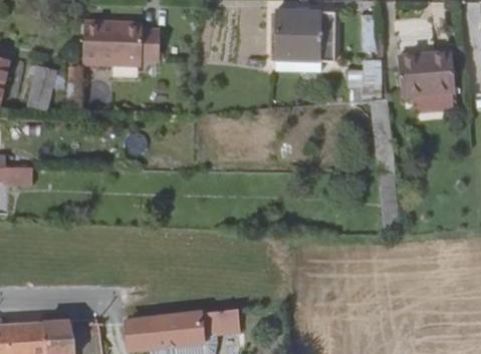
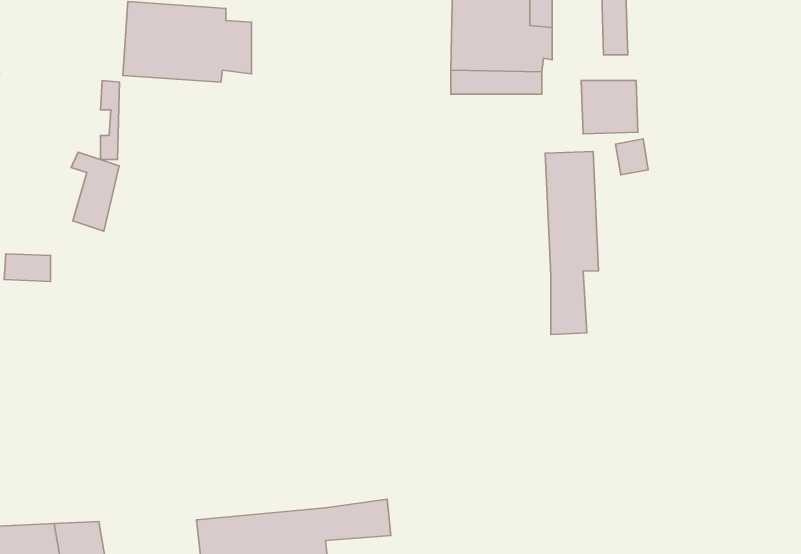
building: [397,53,455,98] -> none
building: [26,63,54,109] -> [71,152,119,231]
building: none -> [545,152,599,335]

